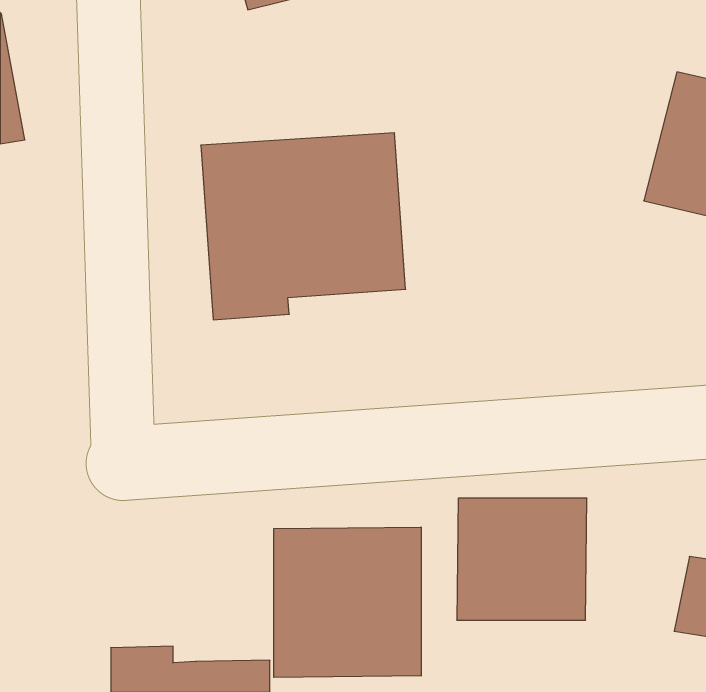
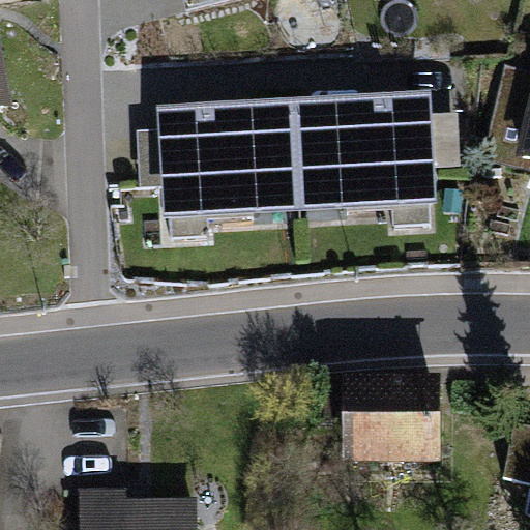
building: none -> [296,90,440,227]
building: [274,527,421,677] -> none

